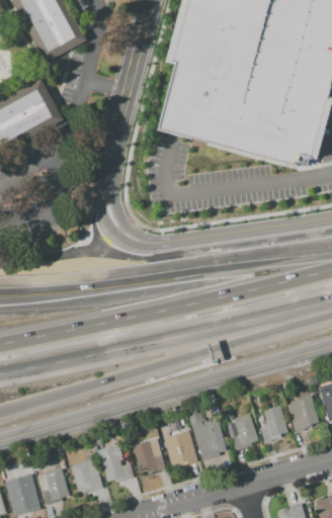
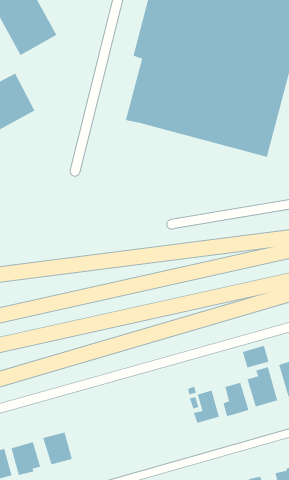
building: none -> [242,345,270,369]
building: [188,410,221,460] -> none
building: [163,415,196,465] -> none
building: [133,439,164,471] -> none
building: [98,444,134,482] -> none

